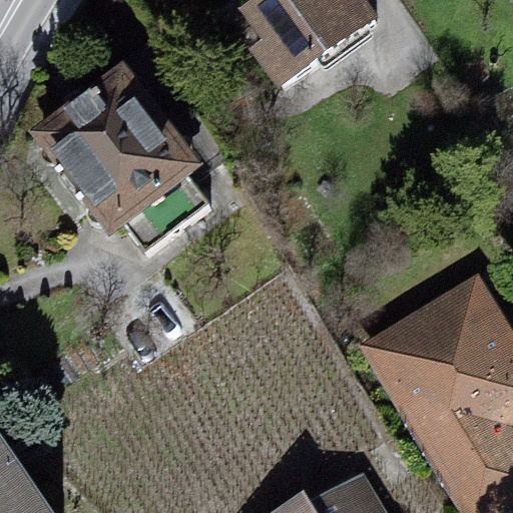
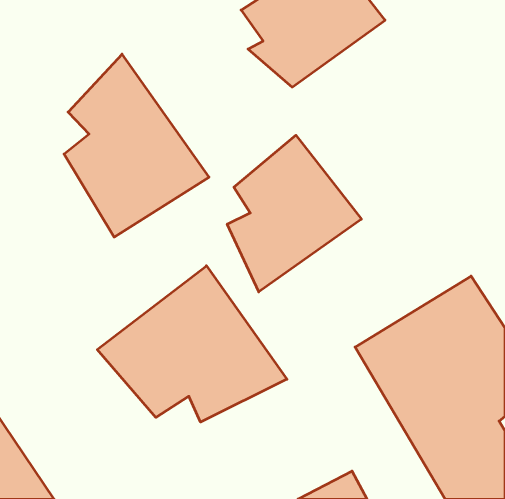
building: none -> [227,135,361,292]
building: none -> [97,266,287,422]

